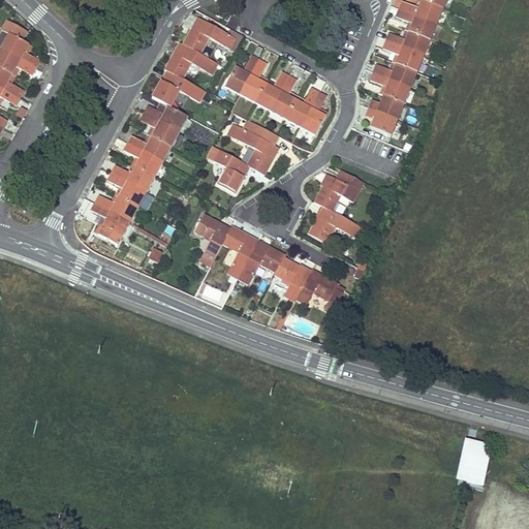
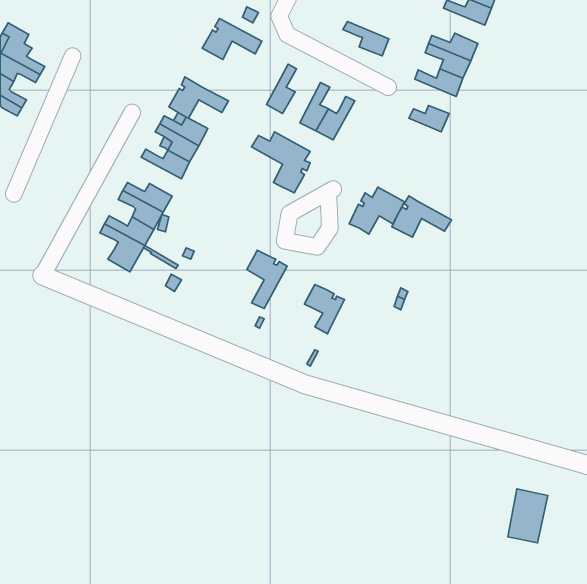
building: [396,7,436,39] -> none
building: [164,41,218,79] -> none
building: [224,54,259,94] -> none
building: [254,70,288,111] -> none
building: [369,71,410,102] -> [343,21,389,56]
building: [300,91,326,134] -> none
building: [365,106,397,134] -> none
building: [123,142,163,177] -> none
building: [213,149,250,193] -> none
building: [308,206,362,243] -> [392,196,451,237]
building: [193,213,230,267] -> none
building: [238,240,285,284] -> none
building: [295,268,344,311] -> none

